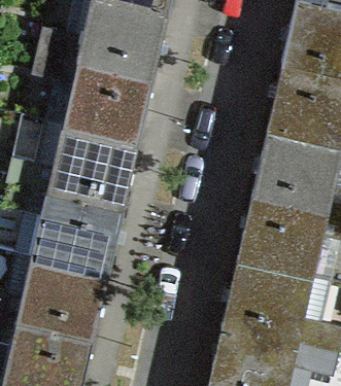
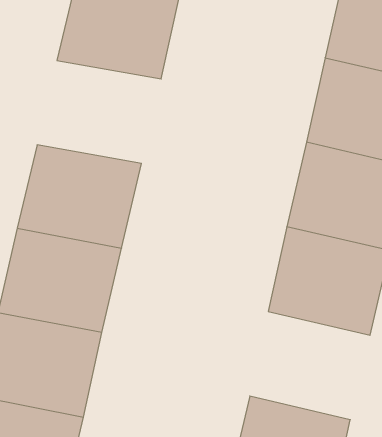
building: [58,59,155,139] -> none
building: [224,254,317,339] -> none

